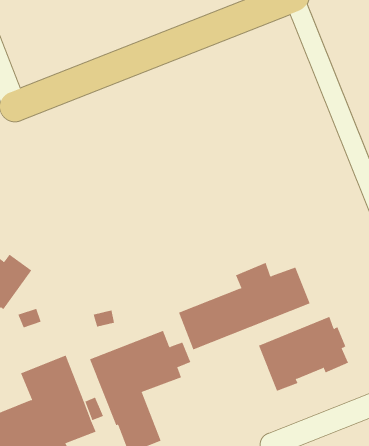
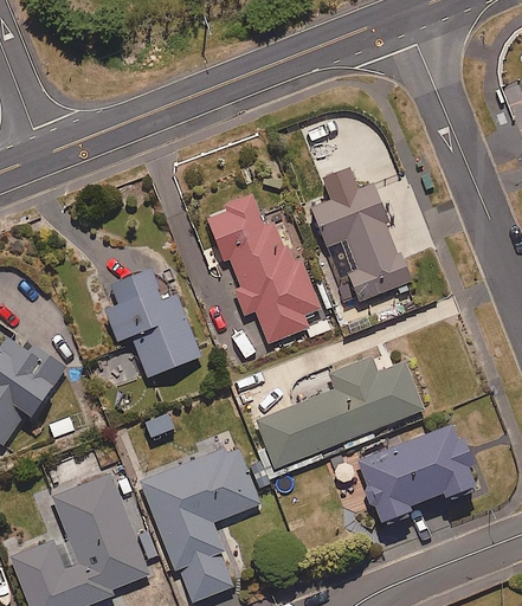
building: none -> [309,180,411,302]
building: none -> [206,196,323,344]
building: none -> [105,269,201,376]

